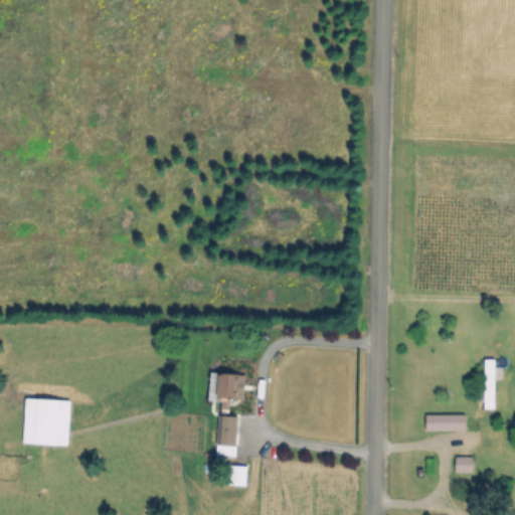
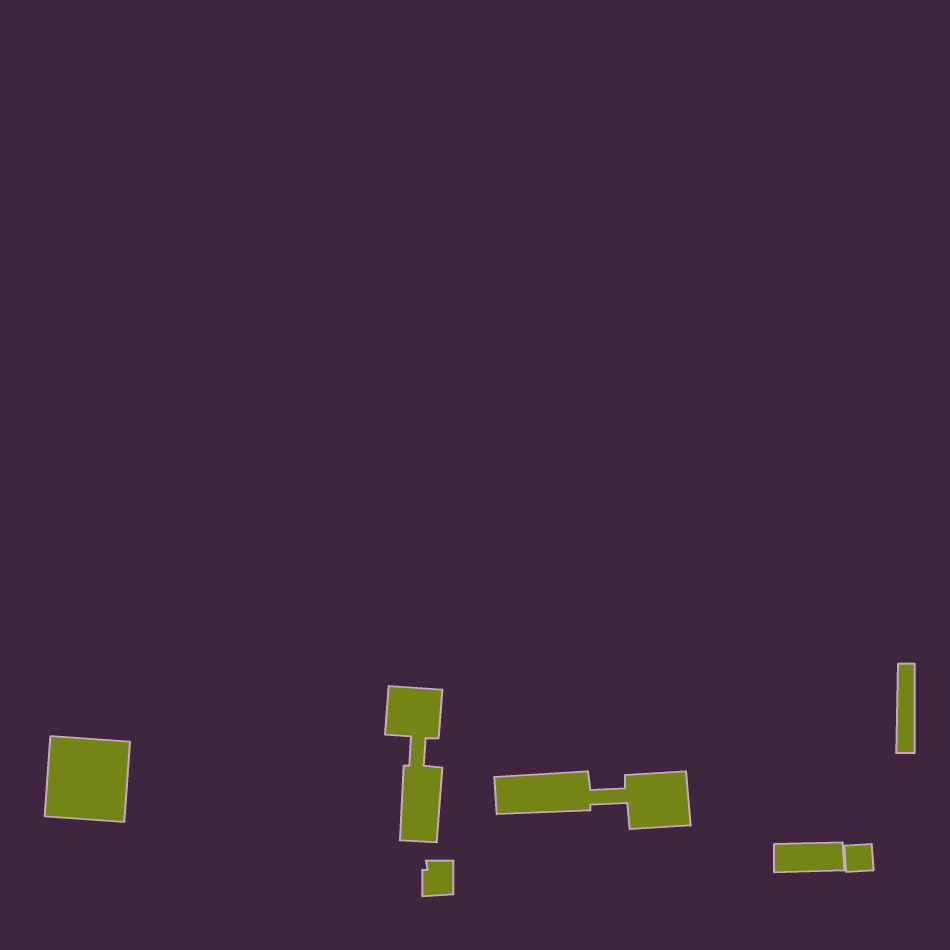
building: [427,414,466,431] -> [774,842,845,872]
building: none -> [494,771,691,829]

